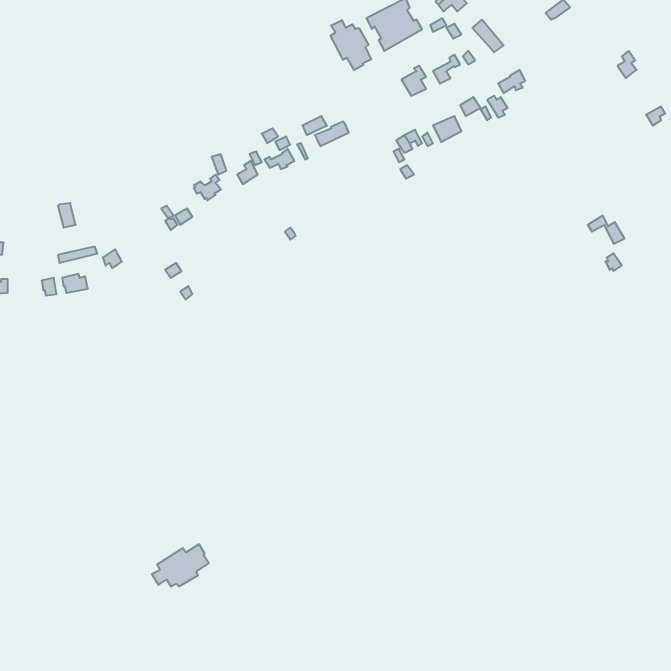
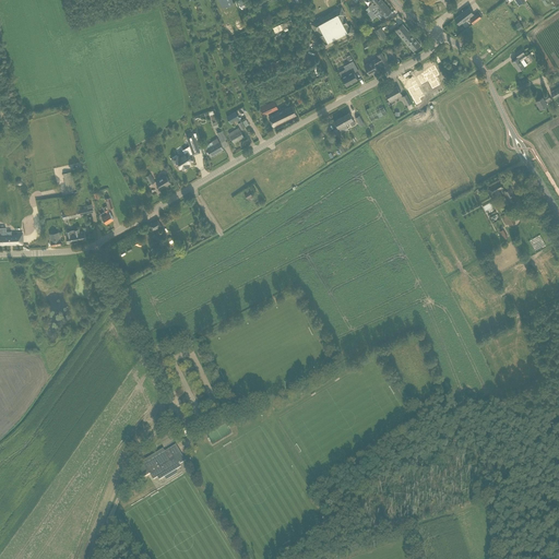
building: [331,20,371,70] -> none

